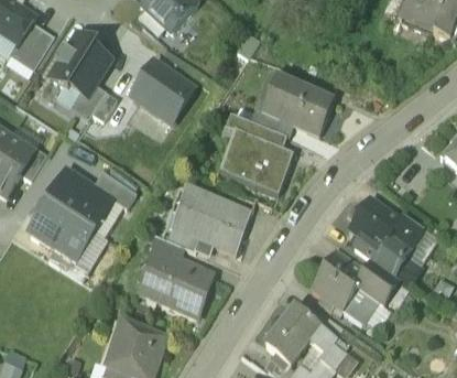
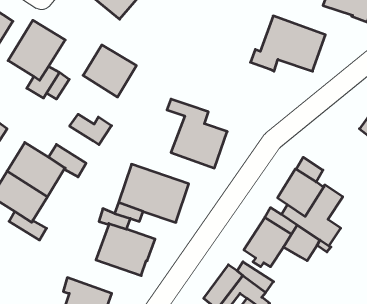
building: [250,76,334,138] -> [250,16,325,71]
building: none -> [70,114,112,145]
building: [341,287,374,321] -> none

